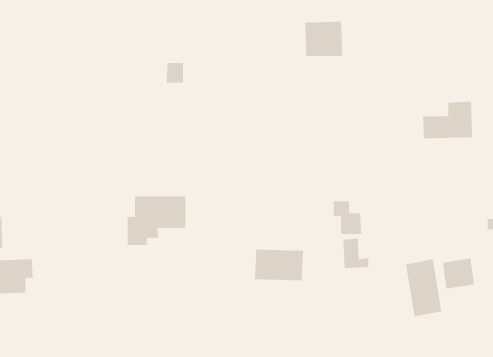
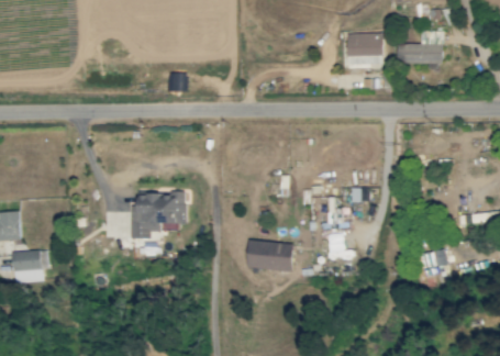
building: [304,21,343,56] -> [347,33,382,65]
building: [422,101,473,139] -> [397,31,443,65]
building: [405,259,442,317] -> none

